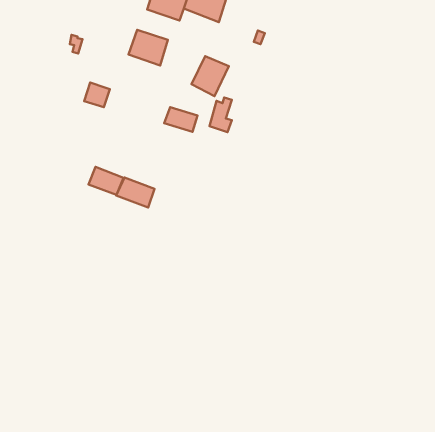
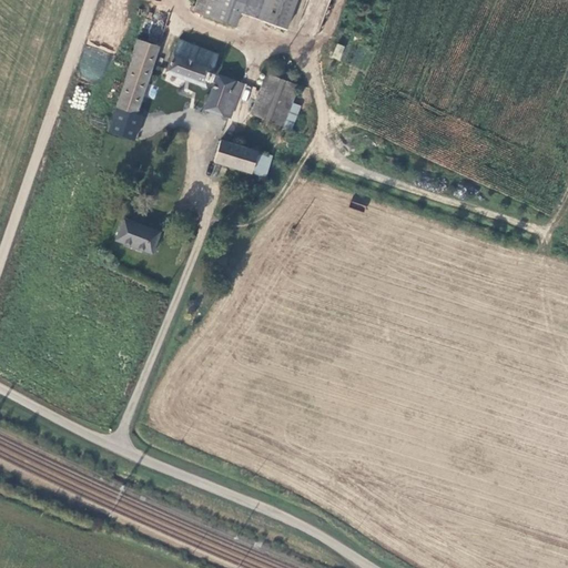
building: none -> [118,38,158,114]
building: [210,97,232,132] -> [210,70,239,115]
building: [116,178,154,208] -> none

